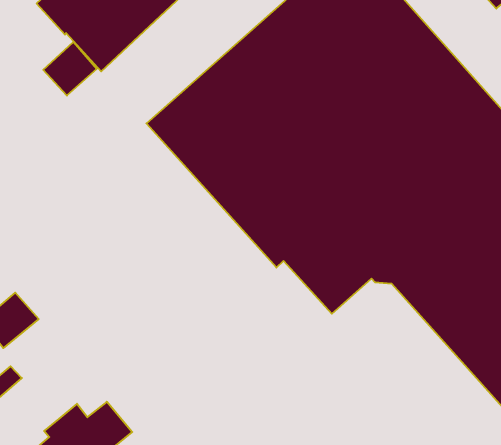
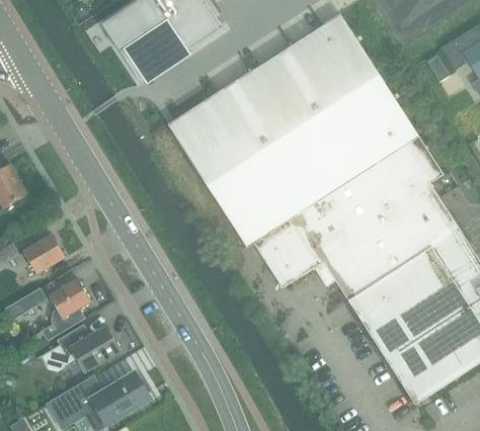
building: [43,42,97,96] -> none
building: none -> [41,277,91,340]

